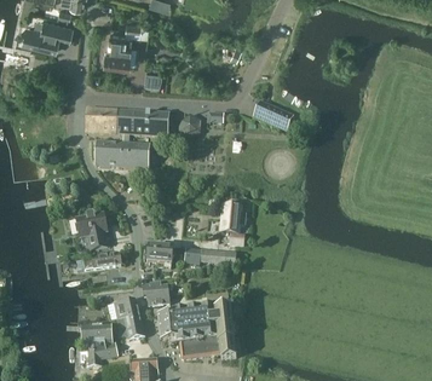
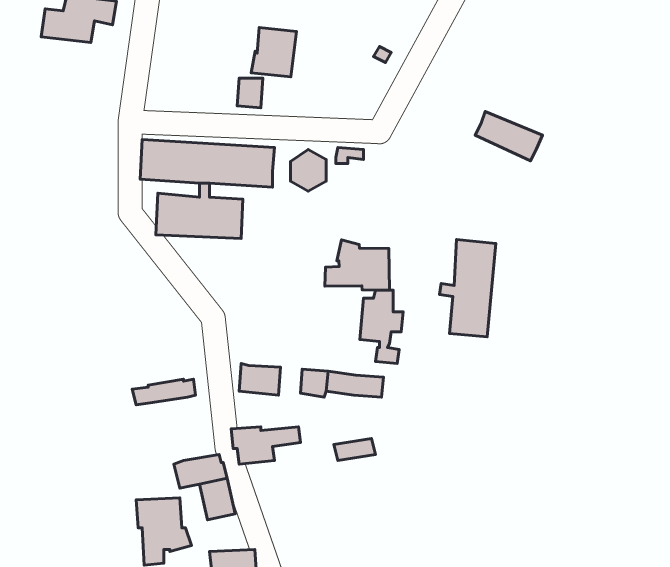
building: [105,34,133,64] -> [251,27,297,77]
building: [254,103,295,133] -> [475,111,542,161]
building: none -> [440,240,496,337]
building: none -> [325,240,390,290]
building: [76,213,106,252] -> none
building: [157,308,236,359] -> none

